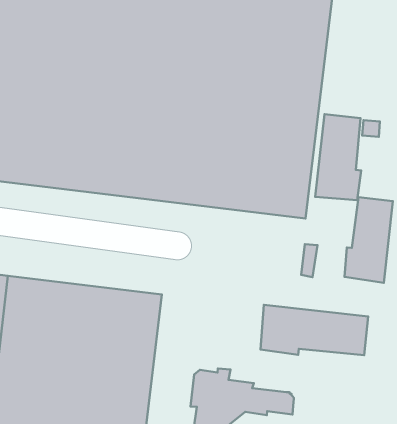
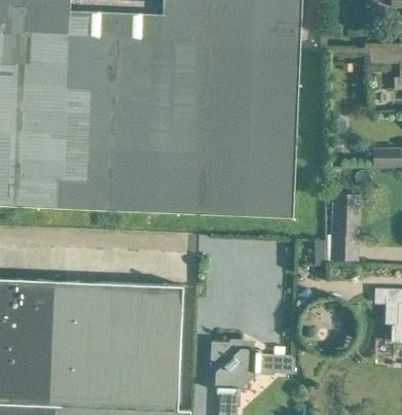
building: [315,114,361,200] -> none
building: [261,305,368,355] -> none

